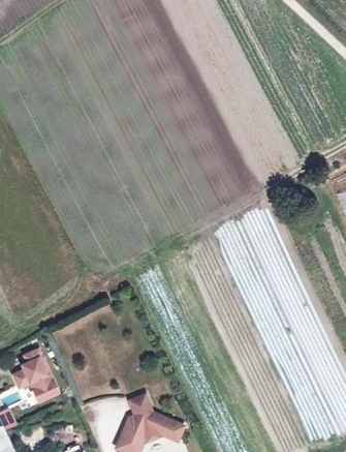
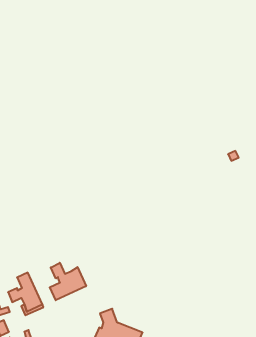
building: none -> [50,263,86,300]

